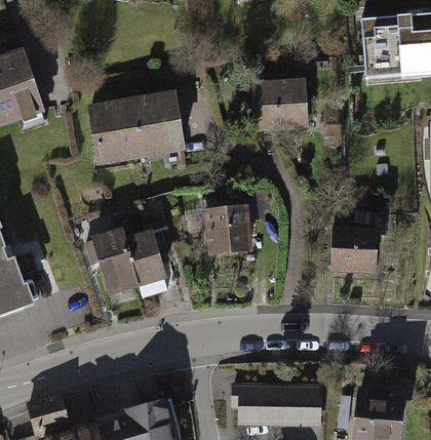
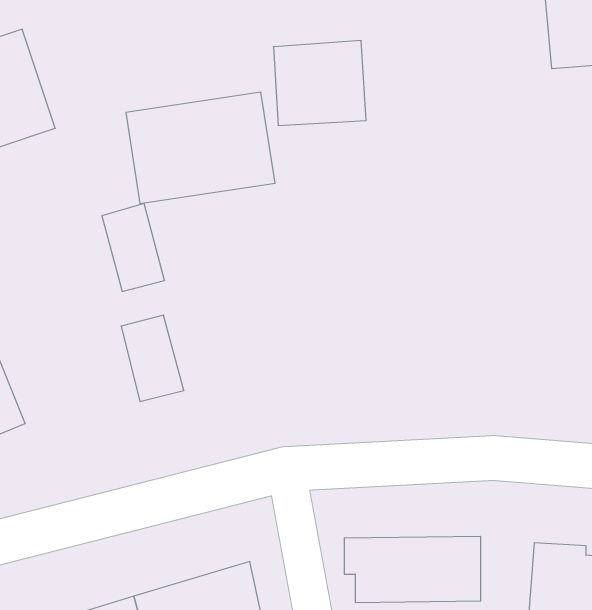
building: [251,76,312,131] -> [273,41,366,125]
building: [206,205,254,255] -> none
building: [114,228,155,285] -> [102,203,165,291]
building: [332,230,380,270] -> none

